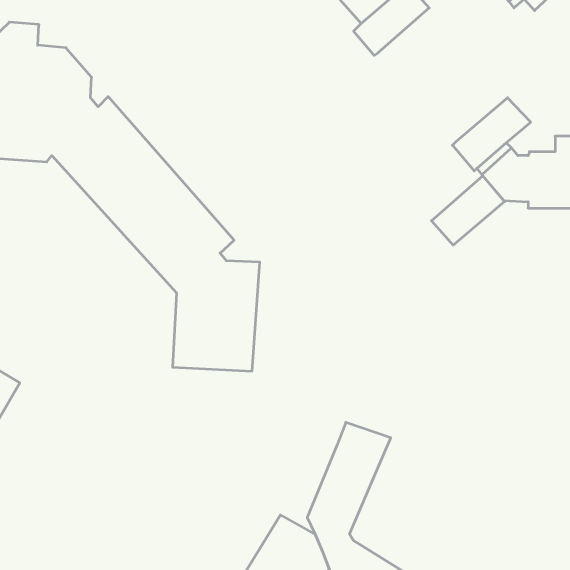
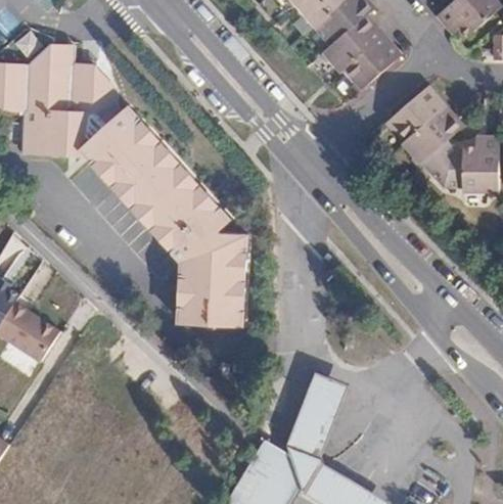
building: none -> [342,34,401,90]
building: [431,176,505,245] -> [387,85,446,140]

